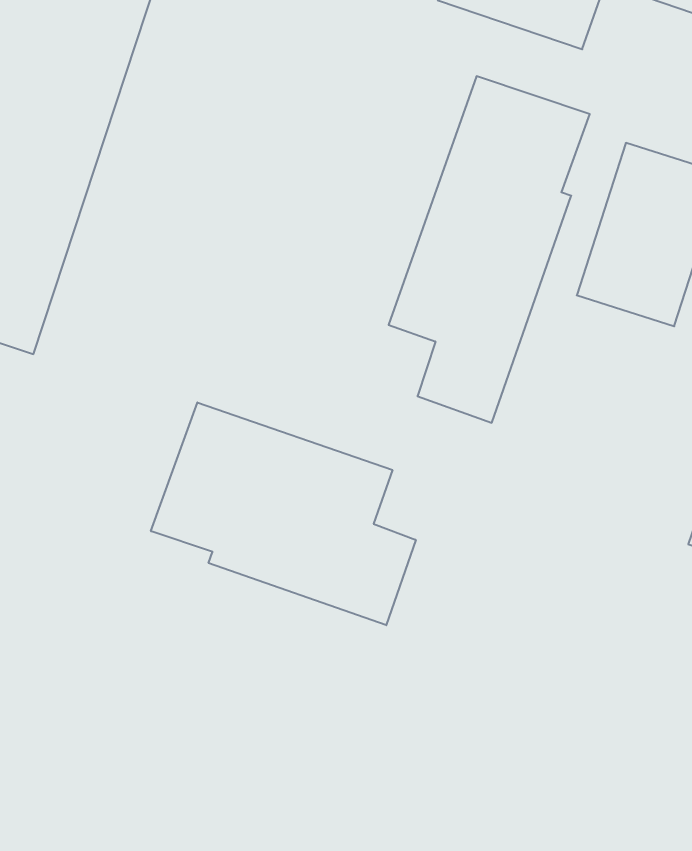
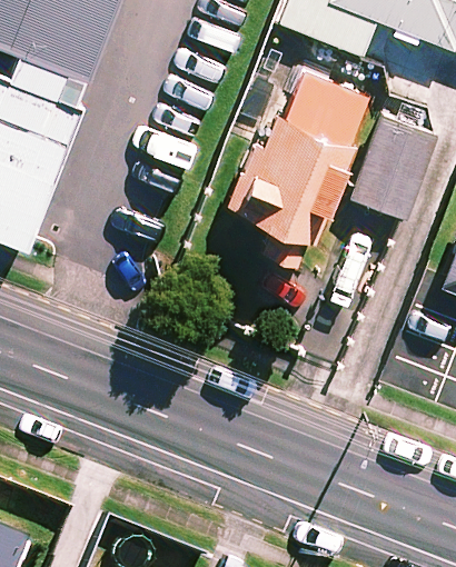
building: [151,402,416,625] -> none

